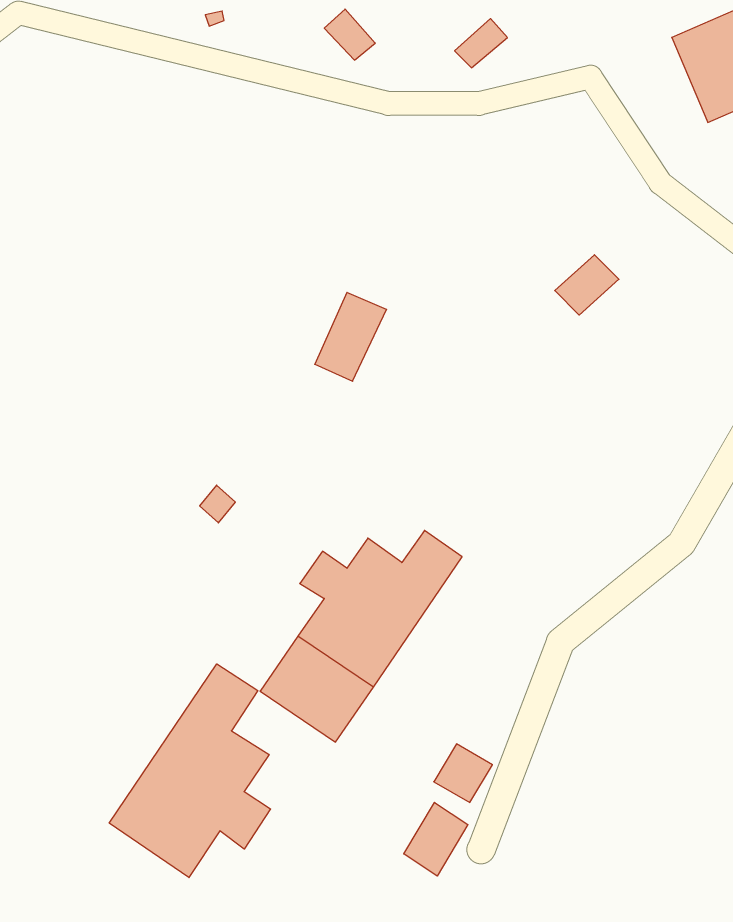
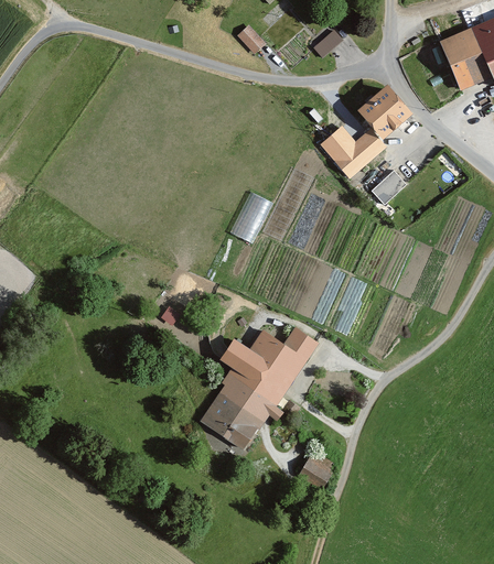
building: none -> [322,88,411,181]
building: [109,664,271,878] -> none
building: [404,802,468,876] -> none

